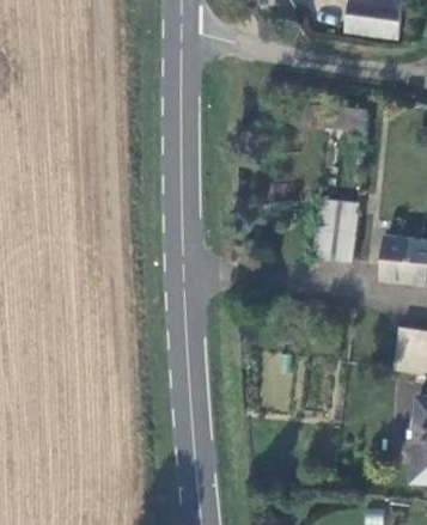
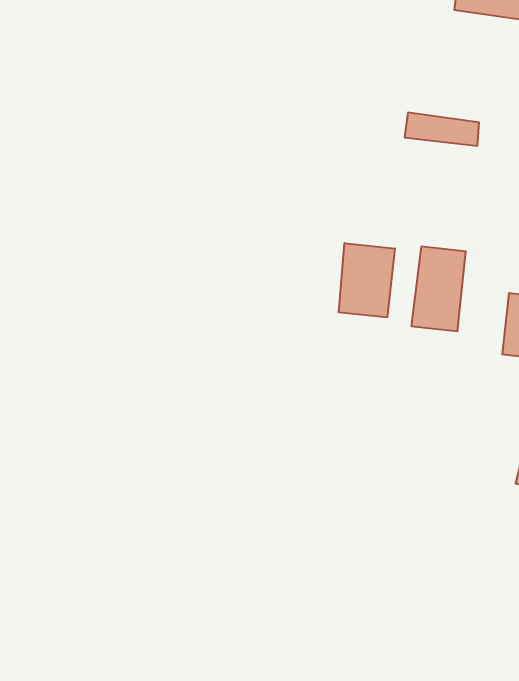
building: none -> [339,243,395,317]

